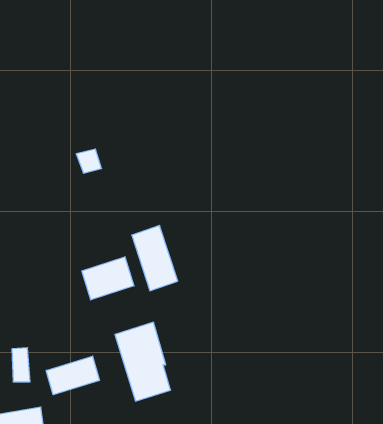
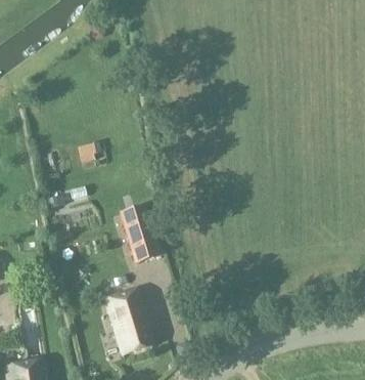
building: [82,257,134,300] -> none
building: [46,356,100,395] -> none

